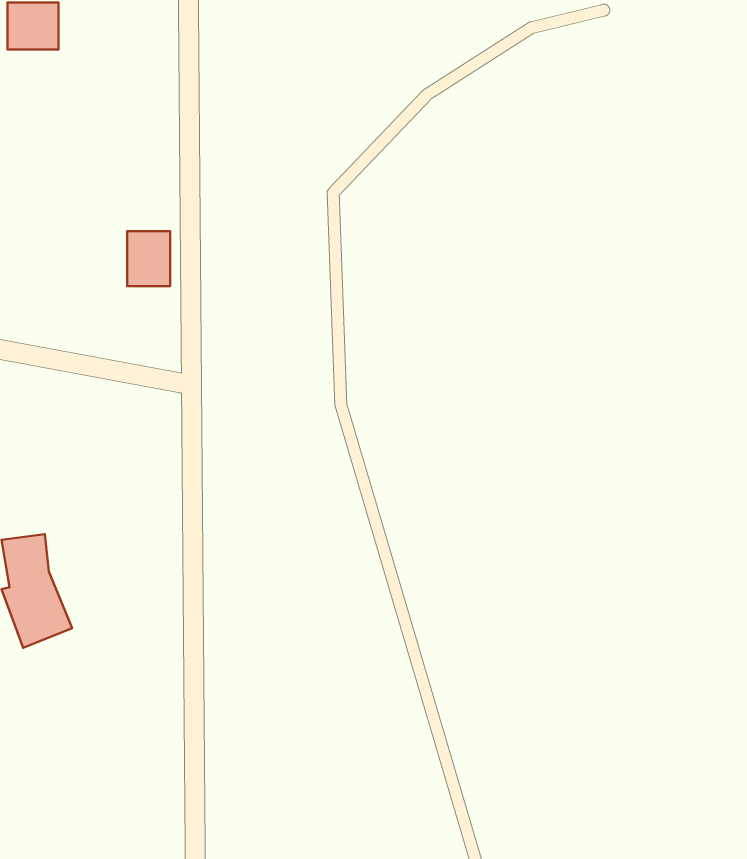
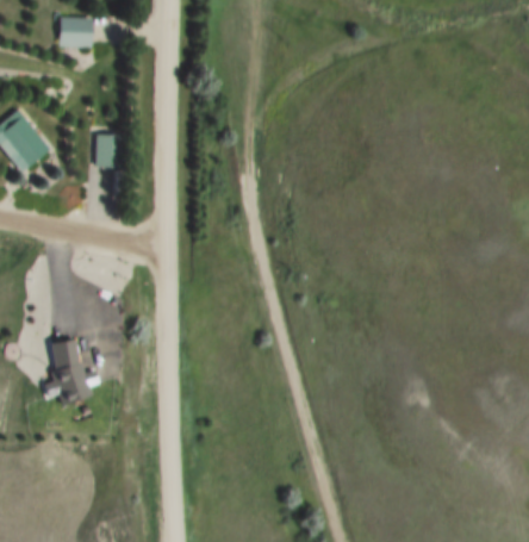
building: [127,231,170,286] -> [97,133,123,167]

